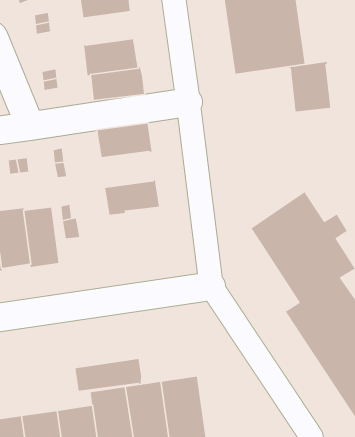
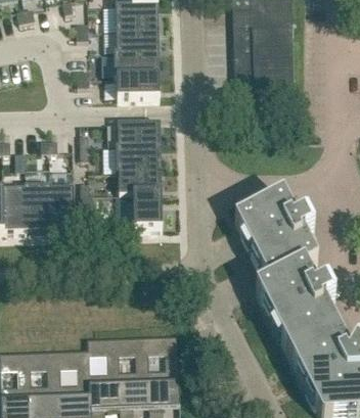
building: none -> [116,28,159,52]
building: [288,61,331,112] -> none
building: none -> [115,145,159,172]
building: none -> [133,192,162,228]
building: [75,358,142,391] -> none

